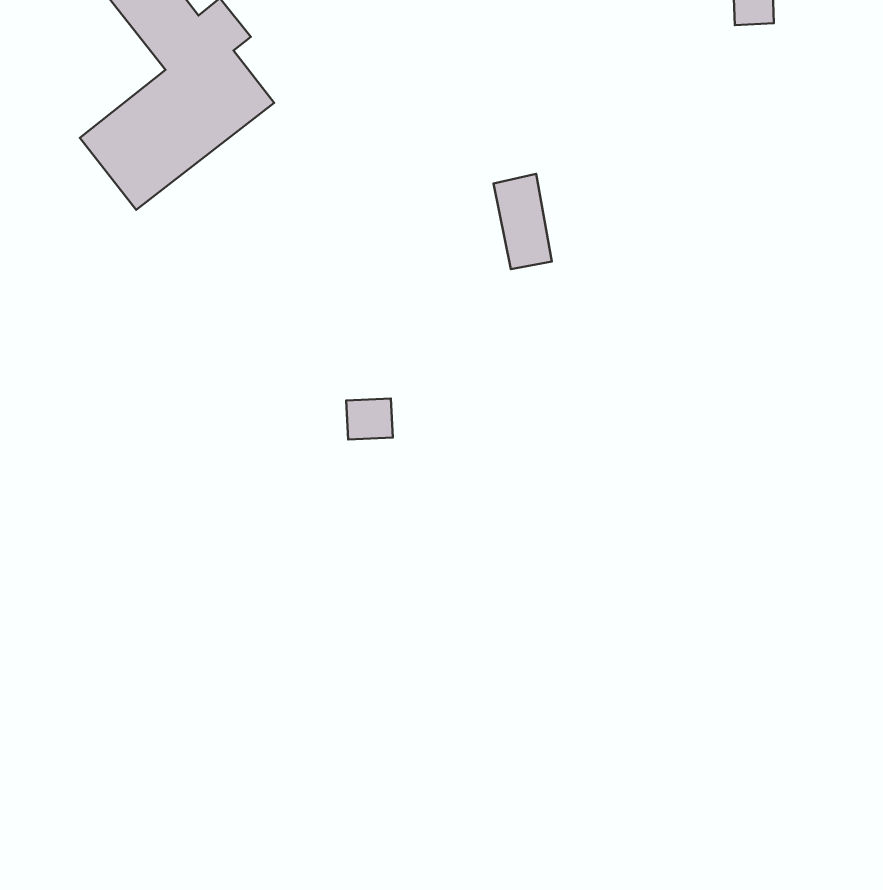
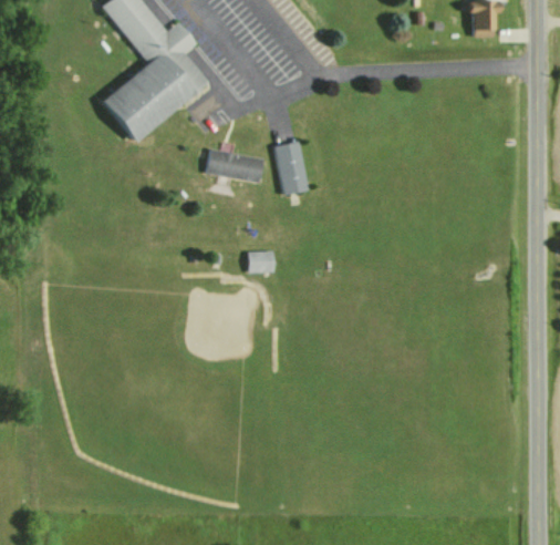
building: [493,174,552,269] -> [274,141,308,195]
building: none -> [206,148,263,184]

